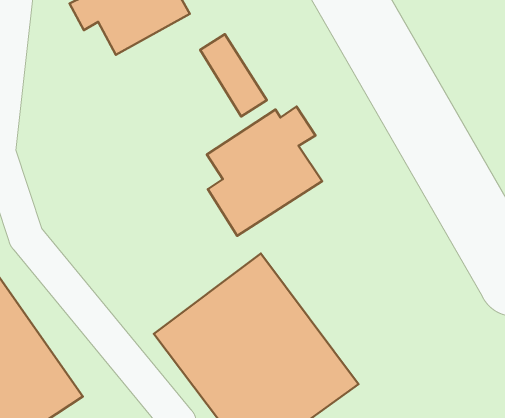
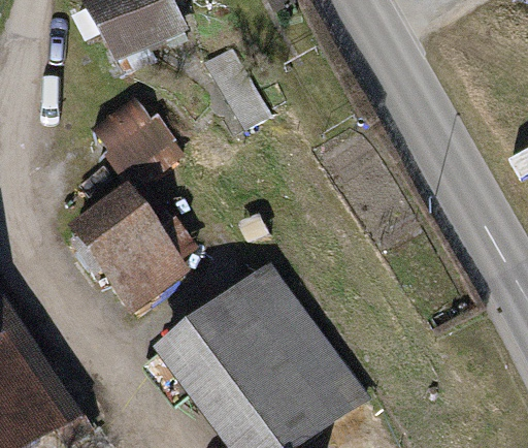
building: none -> [59,101,190,310]
building: [207,107,322,236] -> none

